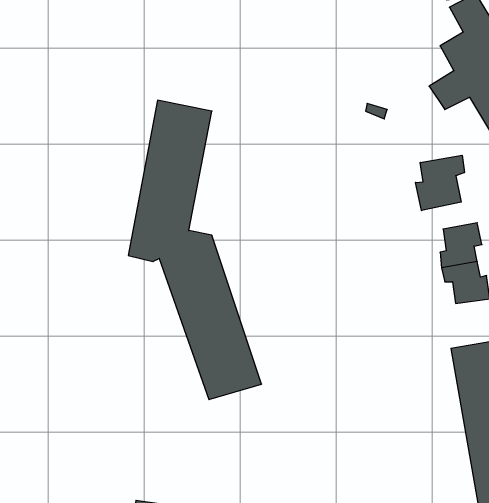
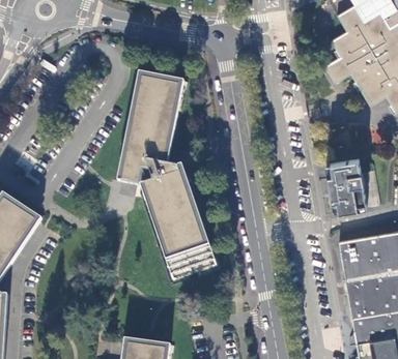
building: [416,155,464,211] -> none

